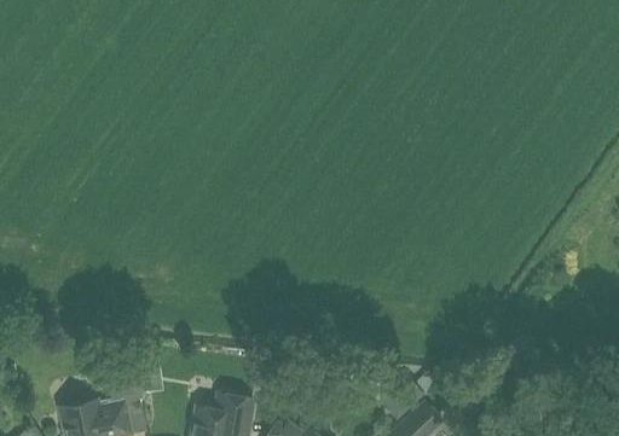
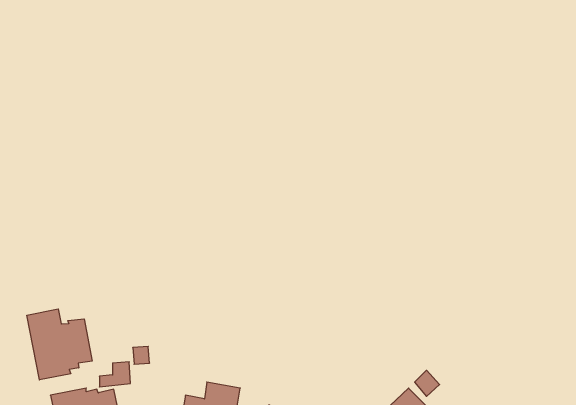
building: none -> [27,309,92,380]

